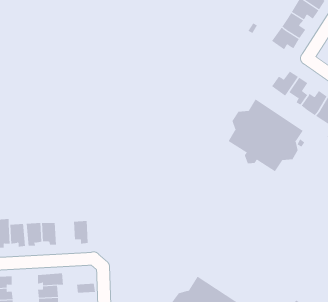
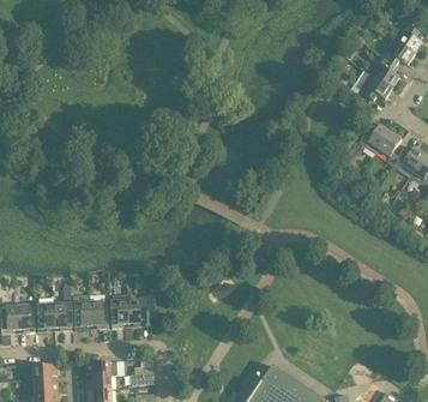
building: [228,98,304,173] -> none
building: none -> [109,294,128,328]

